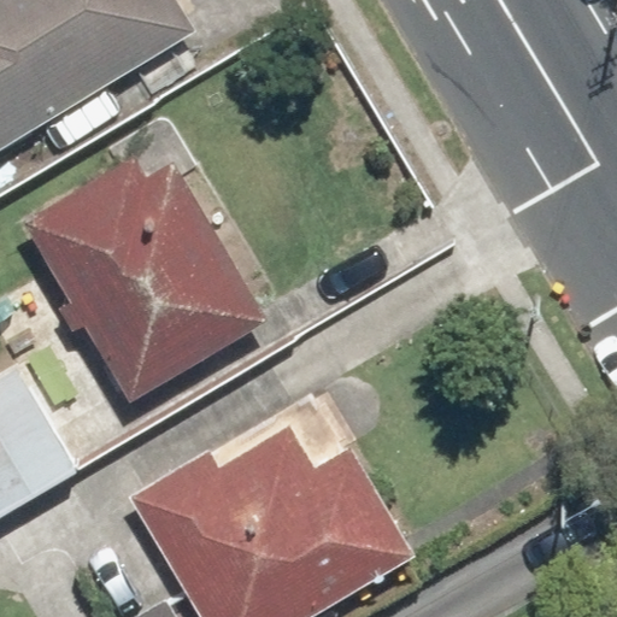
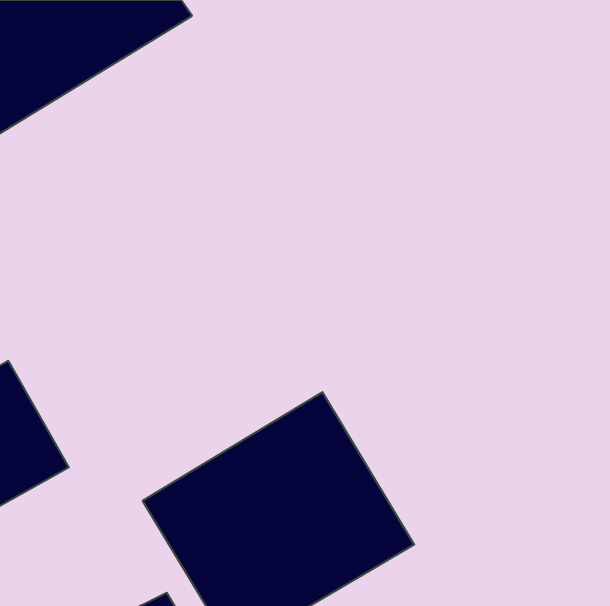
building: [28,154,257,401] -> none

